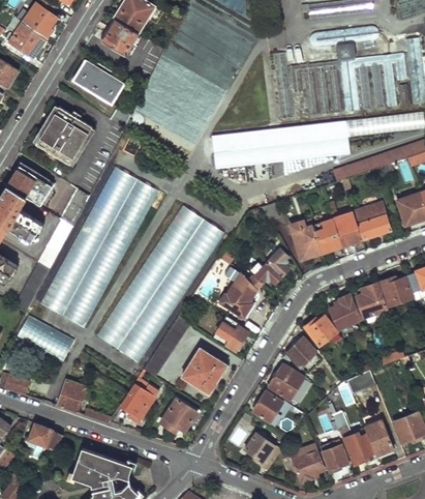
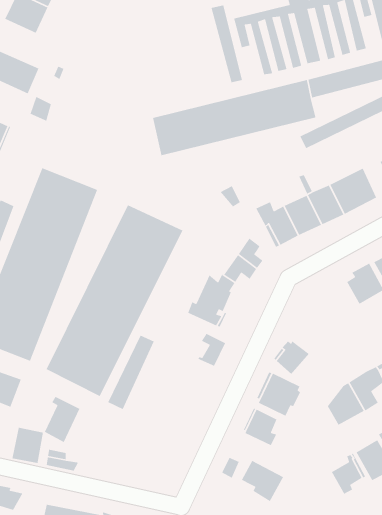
building: [330,292,360,328] -> none
building: [305,315,336,345] -> none
building: [182,348,227,393] -> none
building: [124,378,157,418] -> [44,396,81,443]
building: [160,399,196,431] -> none
building: [281,442,323,480] -> none

